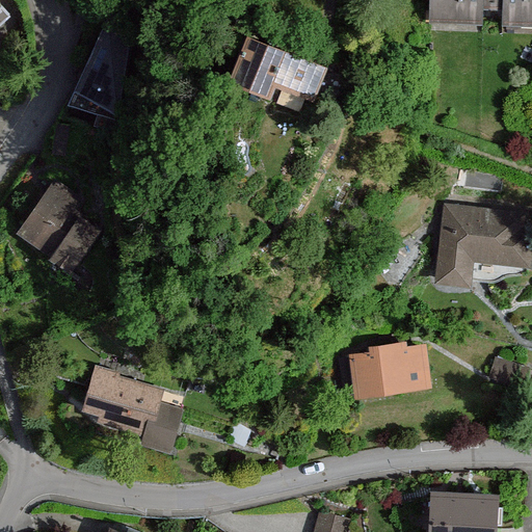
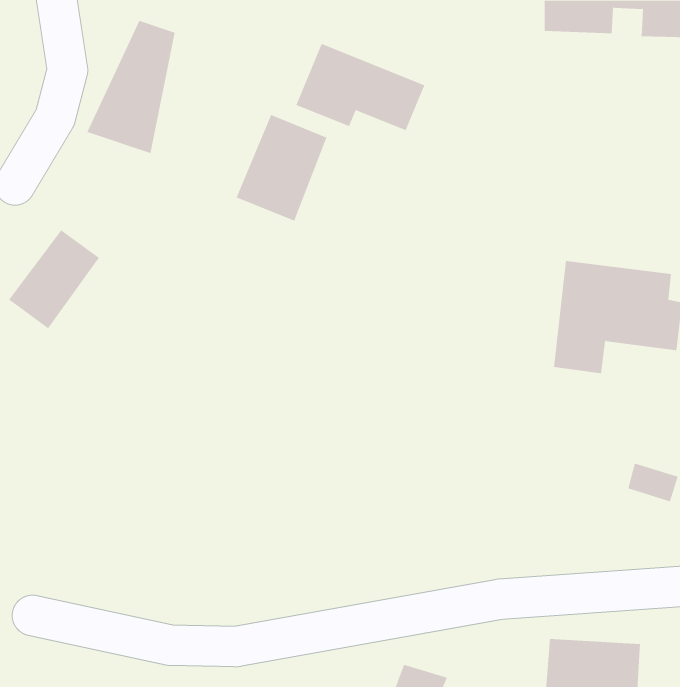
building: none -> [236,114,327,221]
building: [47,216,99,273] -> none
building: [345,342,429,398] -> none
building: [80,361,180,452] -> none

